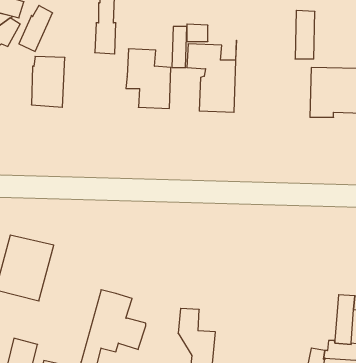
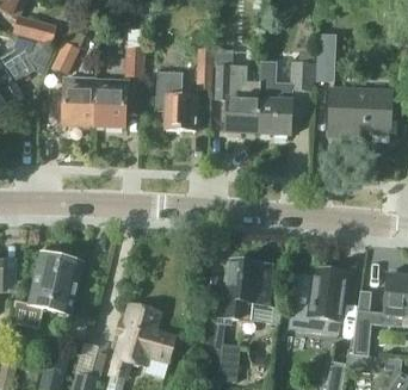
building: none -> [258,48,314,134]
building: none -> [93,80,130,129]
building: none -> [225,259,274,321]
building: none -> [290,266,347,334]

